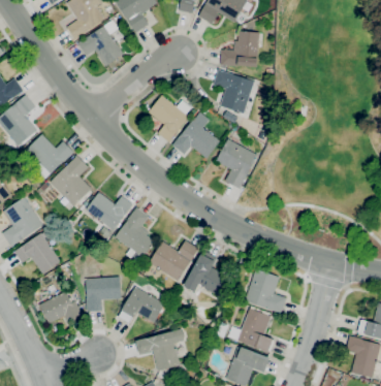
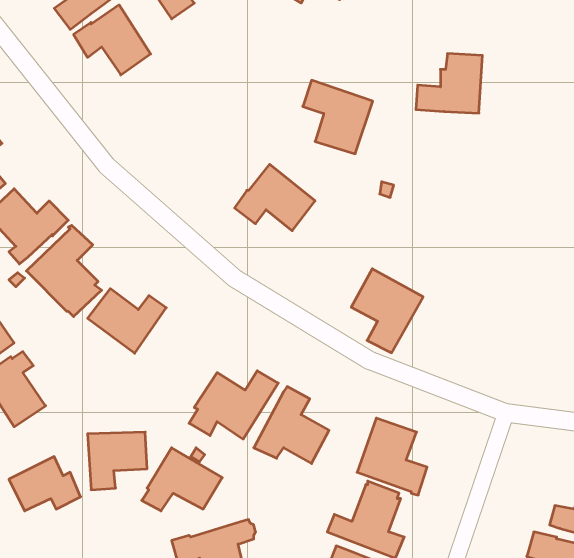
building: [220,31,259,66] -> [416,54,482,113]
building: [148,94,189,141] -> none
building: [216,138,258,188] -> [351,269,423,353]
building: [115,206,155,262] -> none

